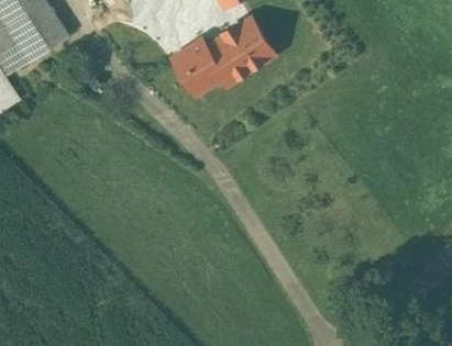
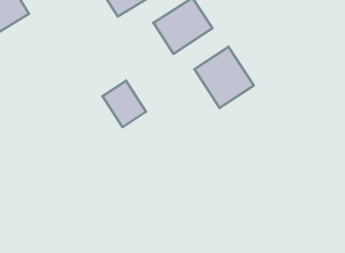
building: [174,45,227,101] -> [102,81,146,127]
building: none -> [194,47,254,108]

